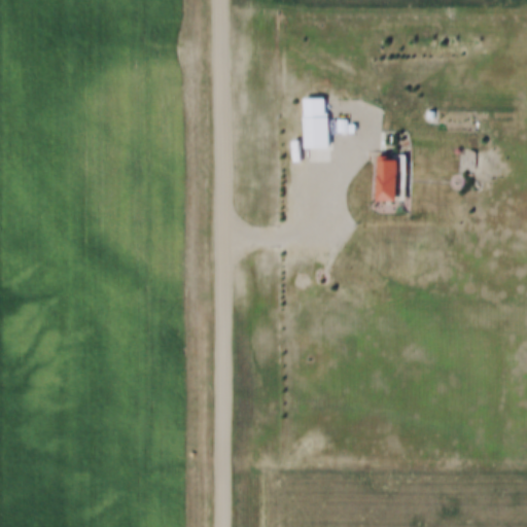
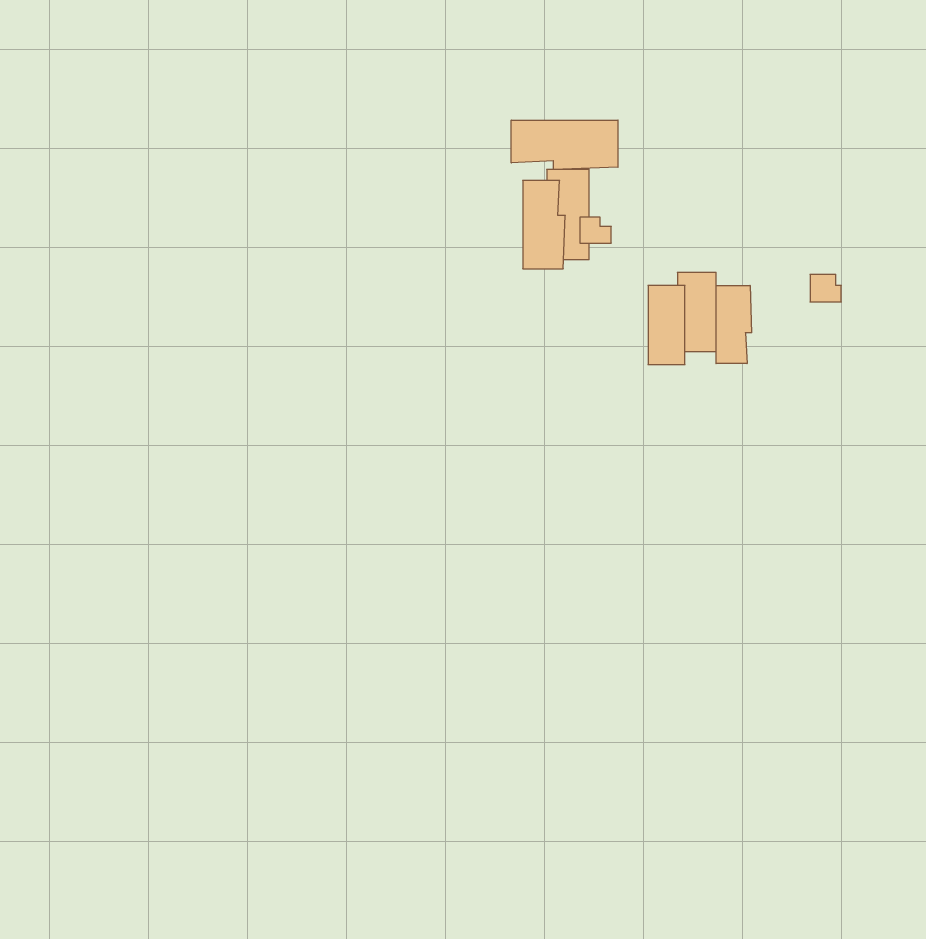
building: none -> [511,120,618,169]
building: none -> [716,285,752,364]

